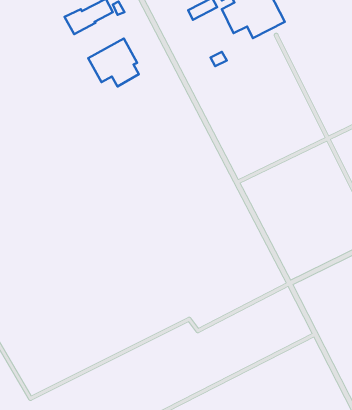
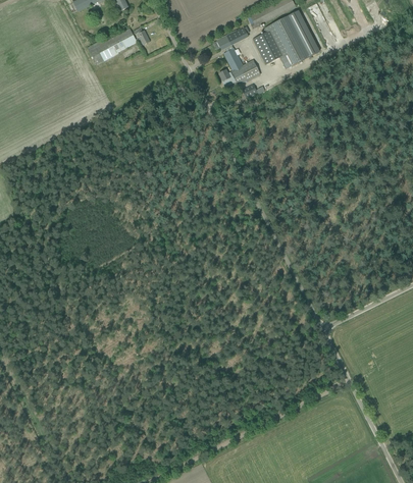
building: none -> [219,47,260,84]
building: [88,39,139,87] -> none

